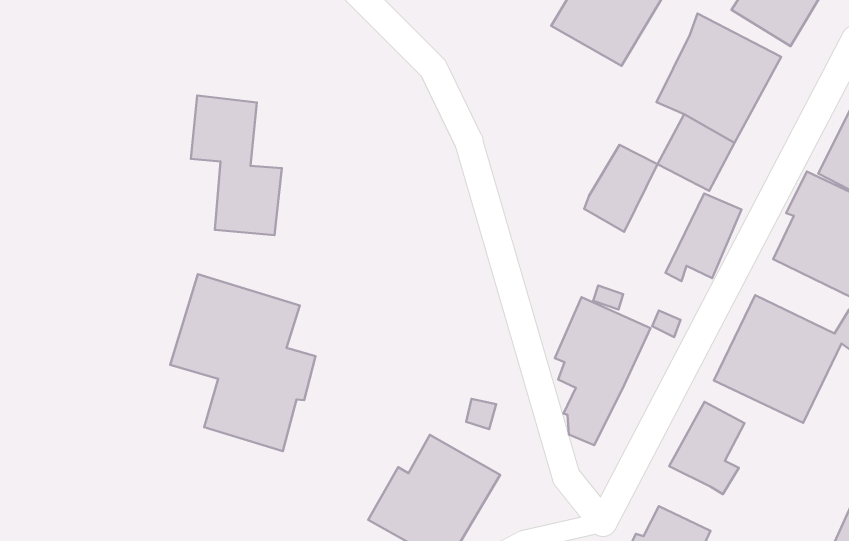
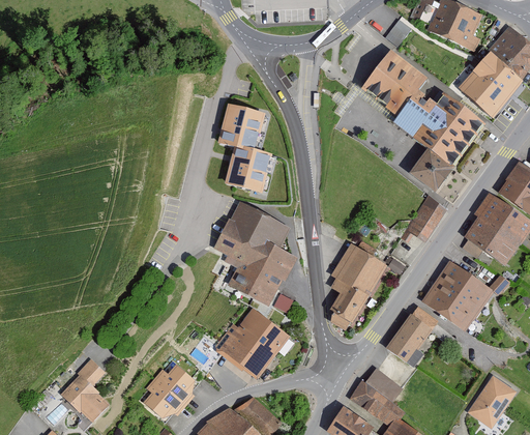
building: [191,96,282,235] -> [220,100,271,186]
building: [584,145,657,232] -> [390,89,436,139]
building: [170,274,315,451] -> [212,200,295,308]

